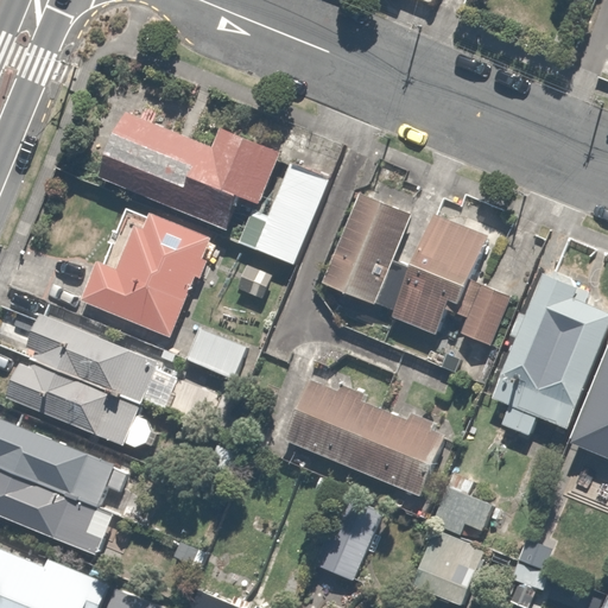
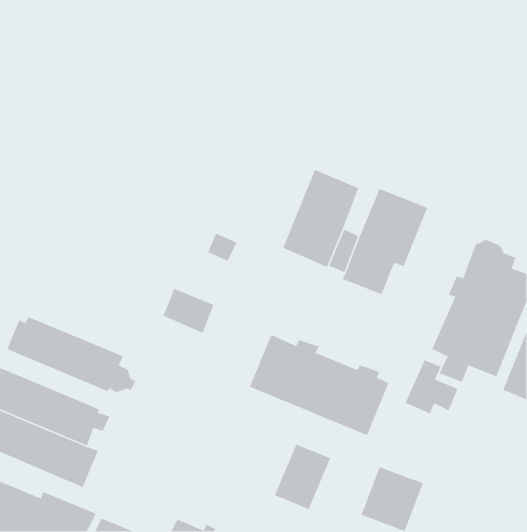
building: [99,113,280,230] -> none
building: [238,163,329,265] -> none
building: [81,213,211,337] -> none
building: [446,280,509,346] -> none
building: [28,315,177,410] -> none
building: [431,473,493,536] -> [404,359,459,414]

